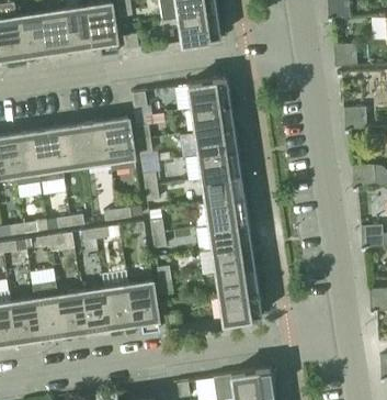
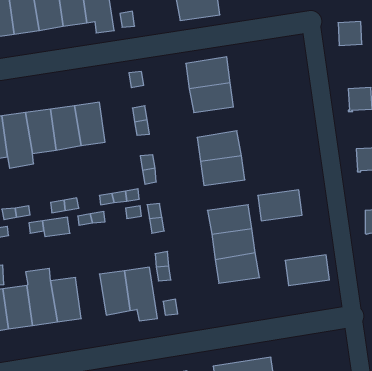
building: [104,119,134,171] -> none
building: [195,127,237,157] -> none
building: [205,198,248,227] -> [258,190,302,221]
building: [81,289,111,332] -> none
building: [219,292,262,322] -> [285,255,329,286]

